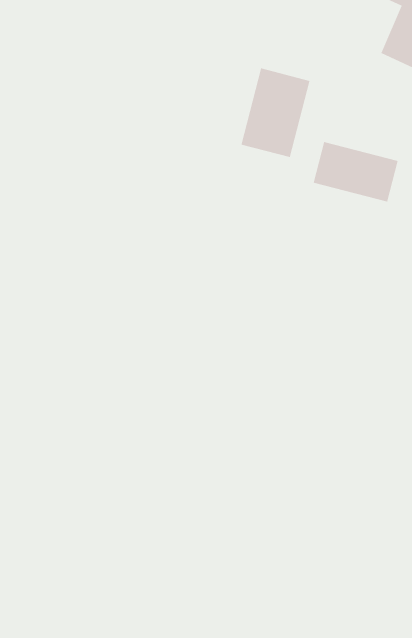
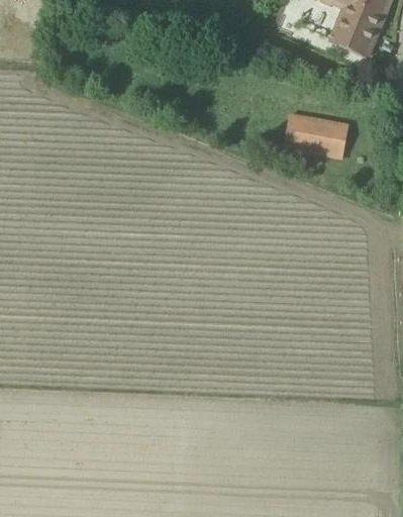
building: [241,68,310,158] -> none

